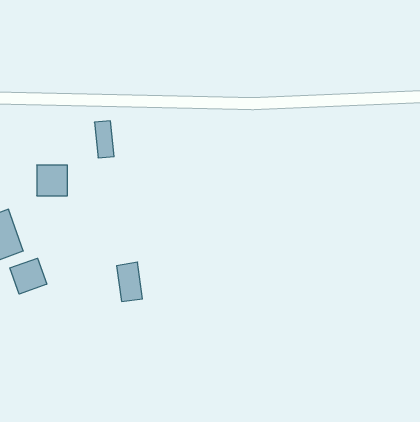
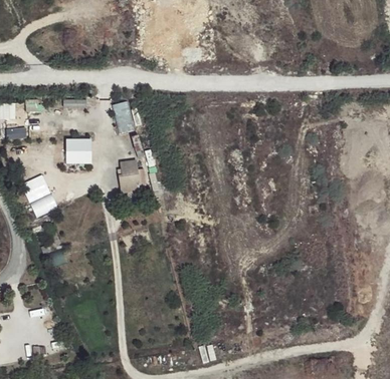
building: [10,258,47,294] -> none
building: [117,262,142,301] -> [120,160,141,193]

